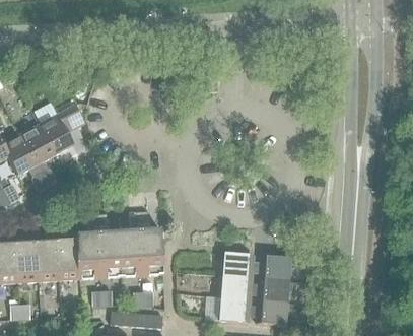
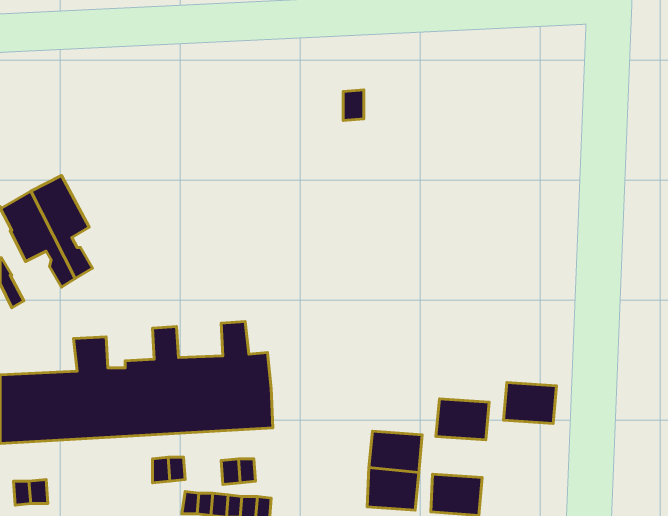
building: [39,105,84,154] -> none
building: [222,252,253,277] -> none
building: [258,278,289,303] -> [503,382,557,424]

